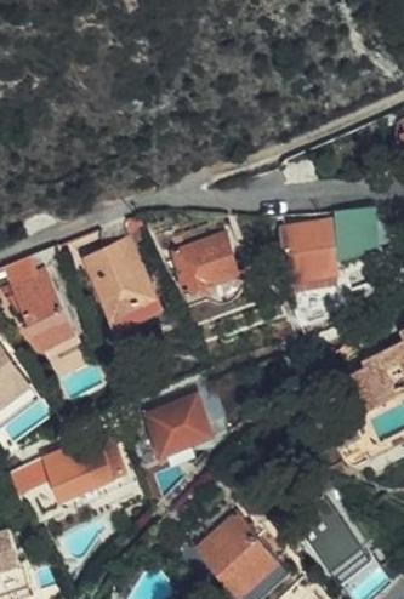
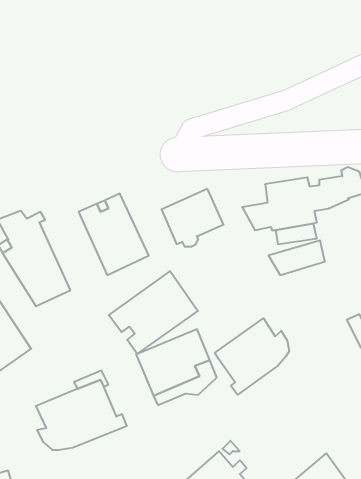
building: none -> [109,271,198,354]
building: none -> [215,318,289,395]

